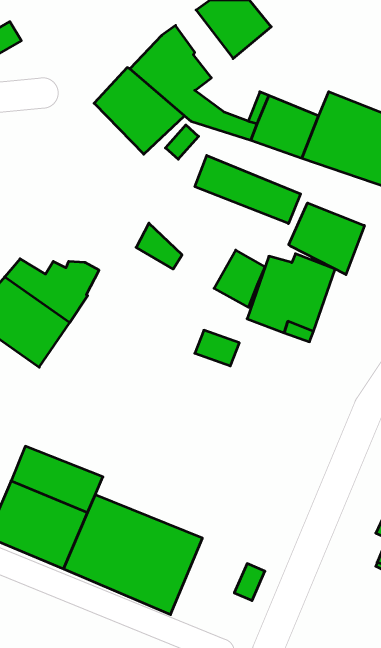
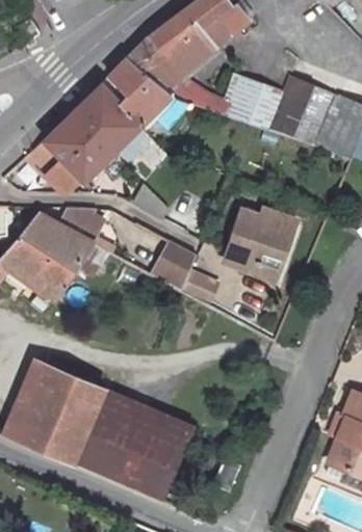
building: none -> [166,8,213,63]
building: none -> [29,84,149,187]
building: [195,155,301,224] -> none
building: [289,203,364,275] -> none
building: [214,250,265,307] -> [154,241,196,288]

